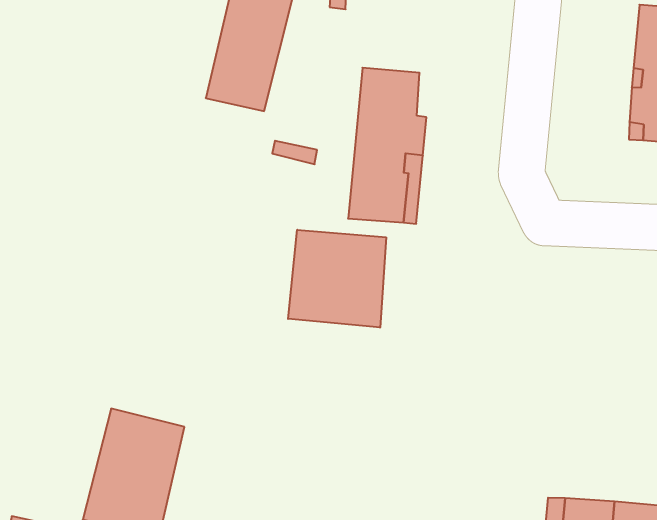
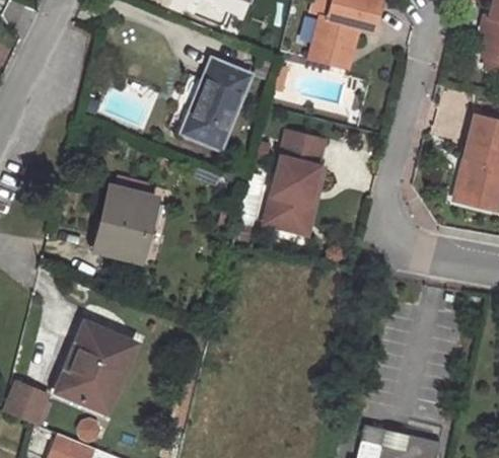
building: none -> [98,190,152,253]
building: [288,230,386,328] -> none

